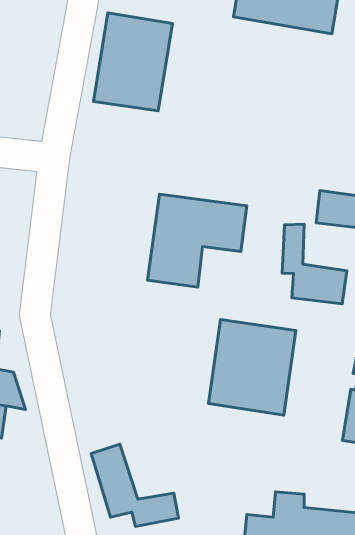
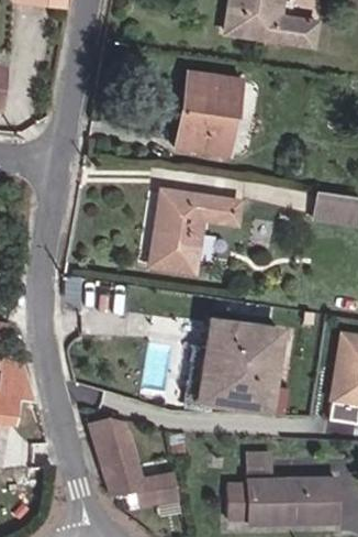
building: [94,13,173,111] -> [176,68,248,158]
building: [282,224,347,304] -> none
building: none -> [85,416,122,496]

